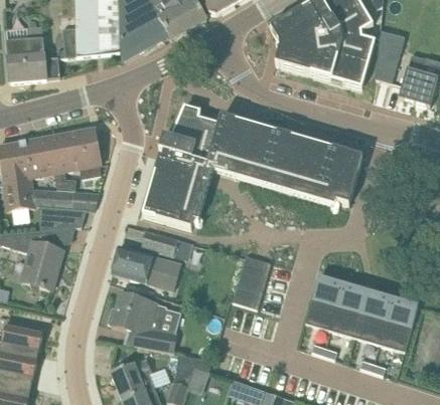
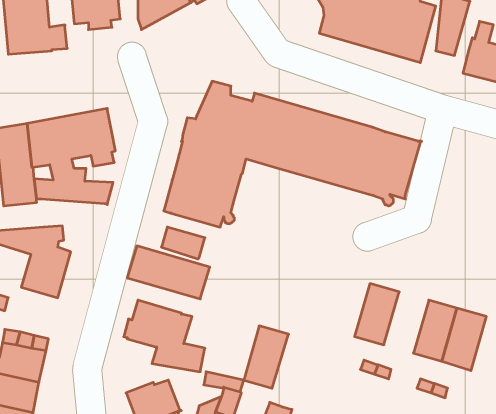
building: [37,205,86,229] -> none
building: [232,255,270,309] -> [244,326,289,388]
building: [330,284,369,337] -> none

